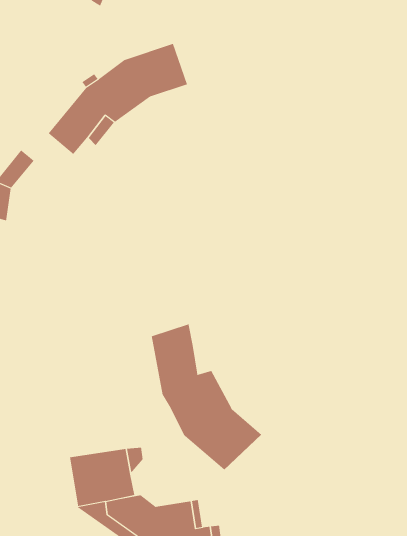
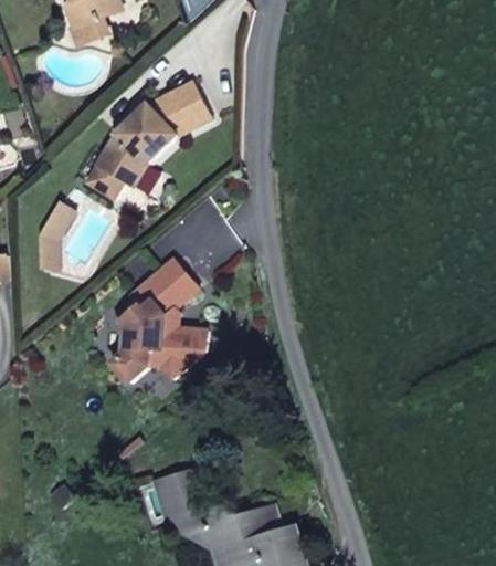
building: none -> [112,259,207,384]
building: [151,323,262,471] -> none

